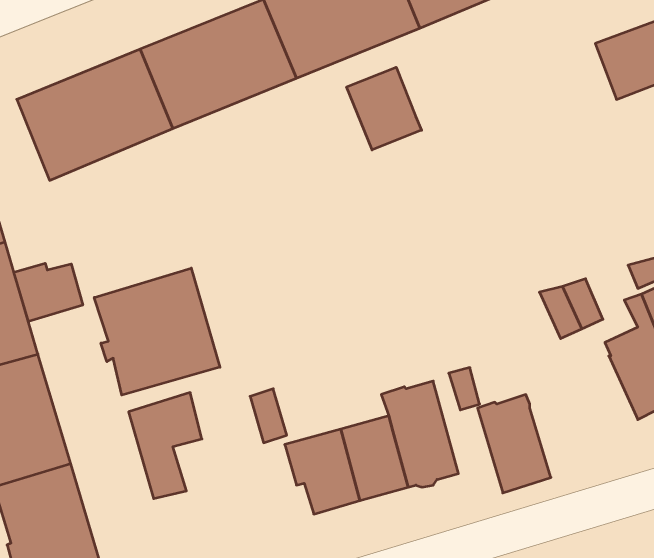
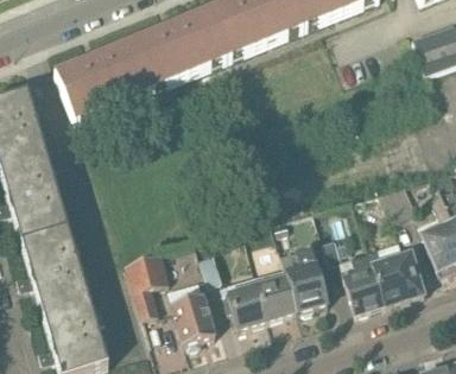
building: [347,67,422,150] -> none
building: [14,263,83,321] -> none
building: [94,268,220,395] -> none
building: none -> [372,248,425,305]
building: none -> [172,293,215,347]

